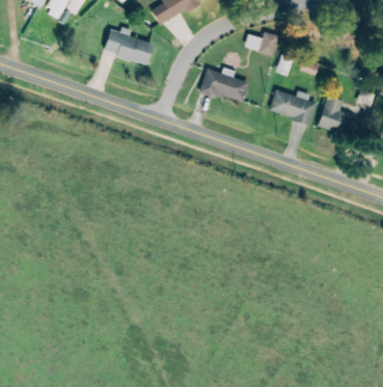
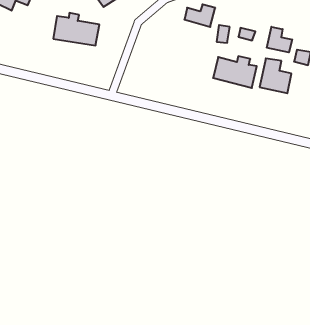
building: none -> [267,27,292,52]
building: [200,67,248,103] -> none

